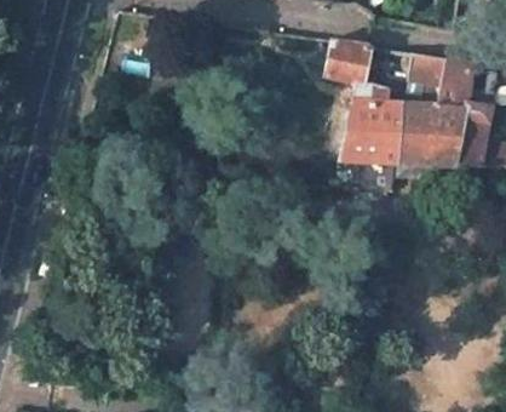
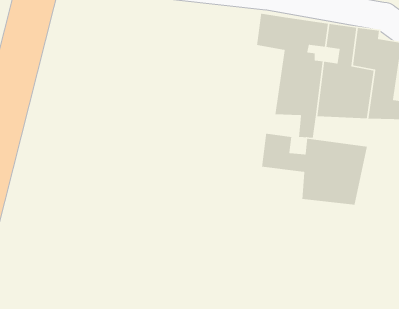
building: none -> [261,133,368,206]

